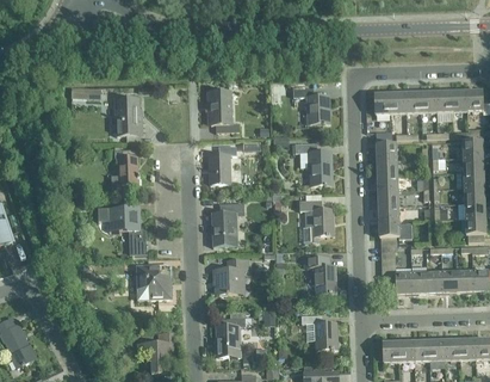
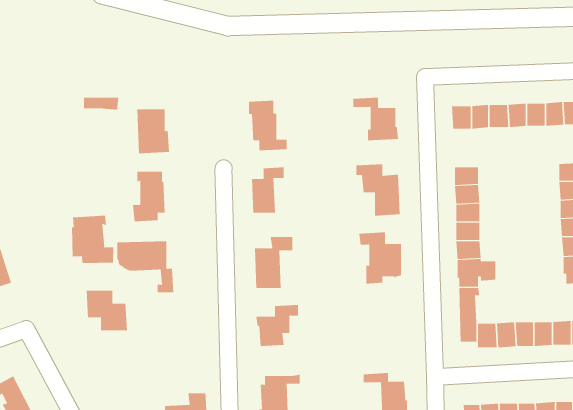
building: none -> [71,215,114,264]
building: [305,255,335,292] -> none
building: [136,265,170,298] -> [86,290,128,331]

